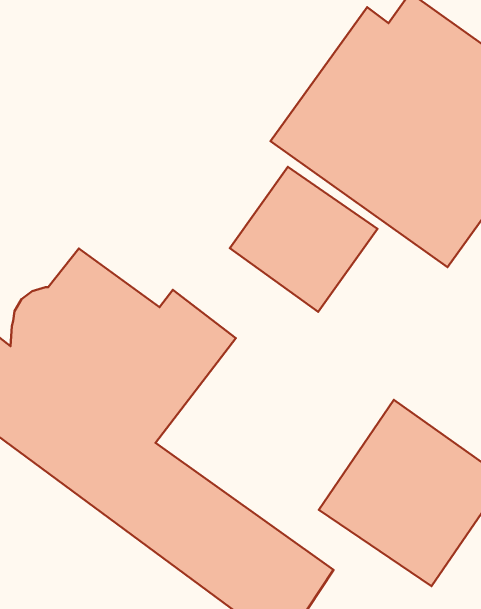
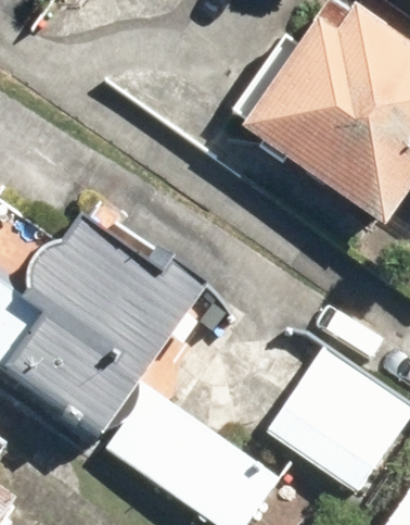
building: [230,167,378,312] -> none

